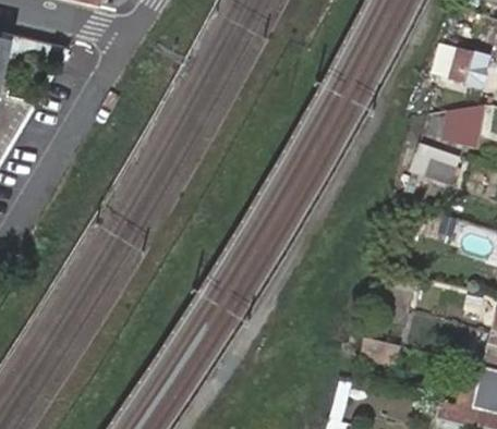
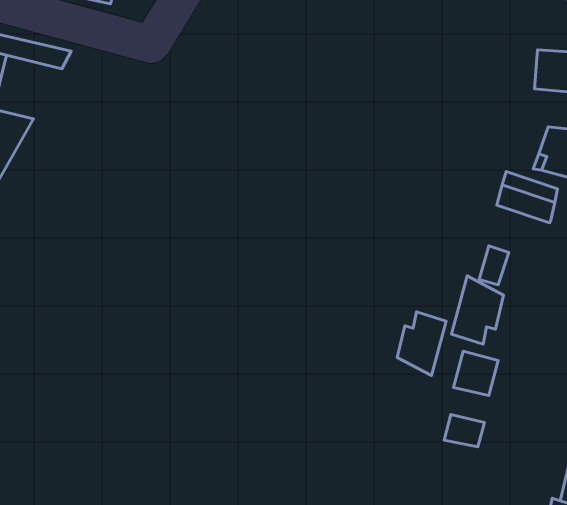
building: none -> [452,276,504,344]
building: none -> [397,312,446,376]

